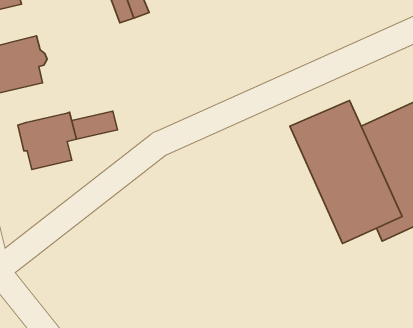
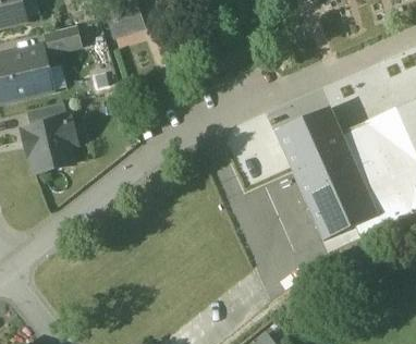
building: none -> [46,26,81,53]
building: [72,111,118,139] -> [25,102,68,128]

